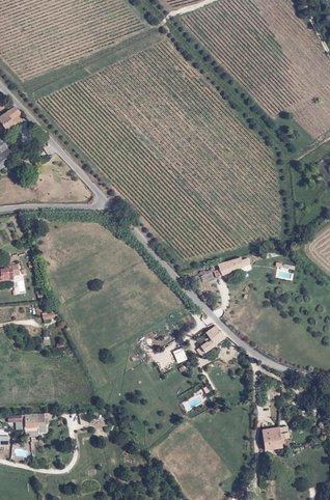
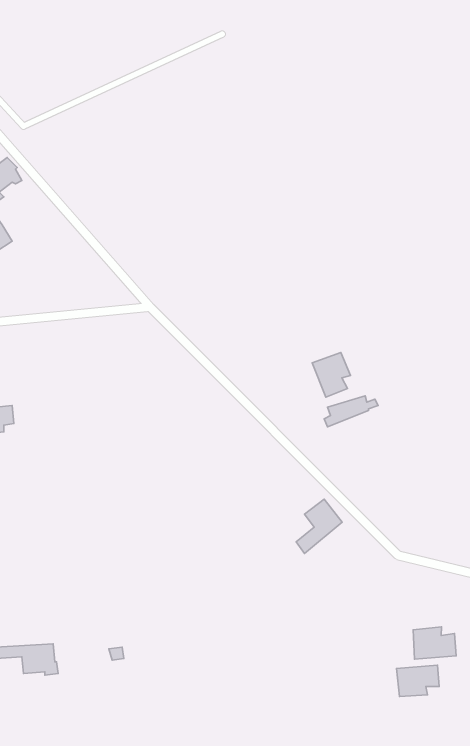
building: none -> [312,352,351,397]
building: none -> [413,627,456,659]

